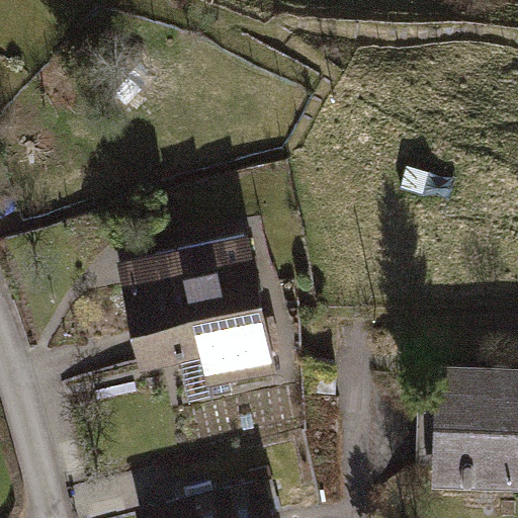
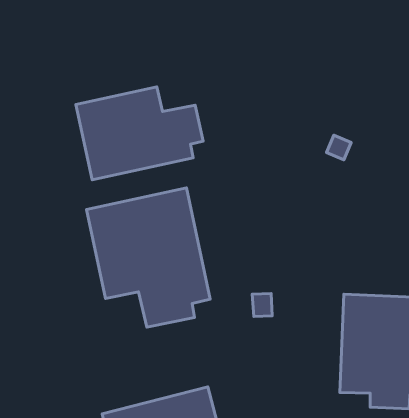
building: none -> [76,87,203,180]

